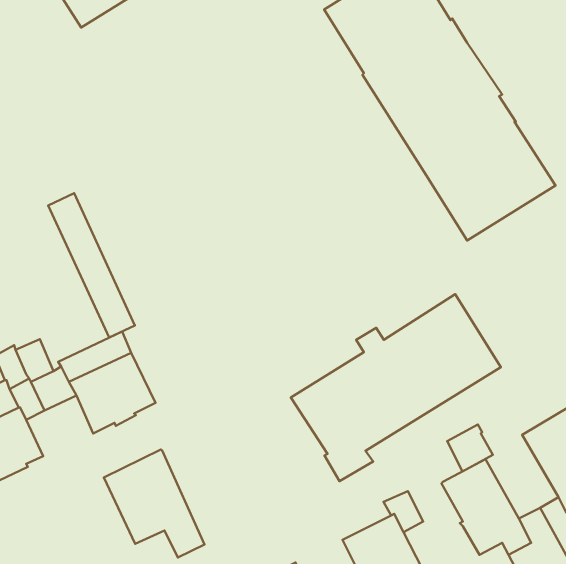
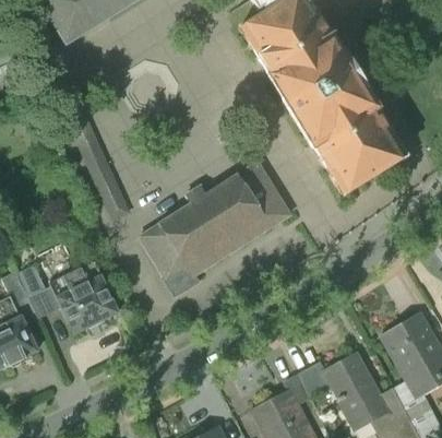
building: [48,193,135,338] -> [69,117,131,221]
building: [291,294,501,481] -> [139,163,289,297]
building: [447,424,493,472] -> [299,364,332,398]
building: [104,449,205,558] -> none

